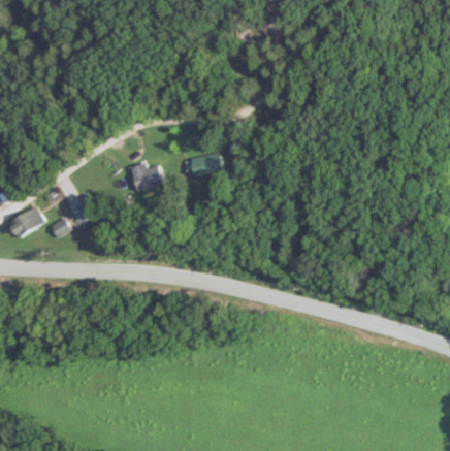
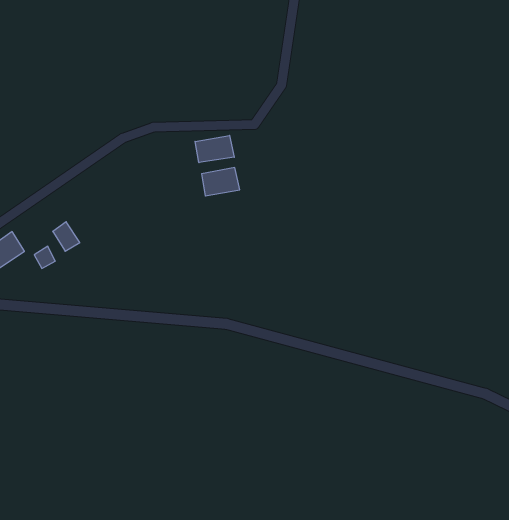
building: none -> [195,135,234,163]
building: [130,162,163,191] -> none

